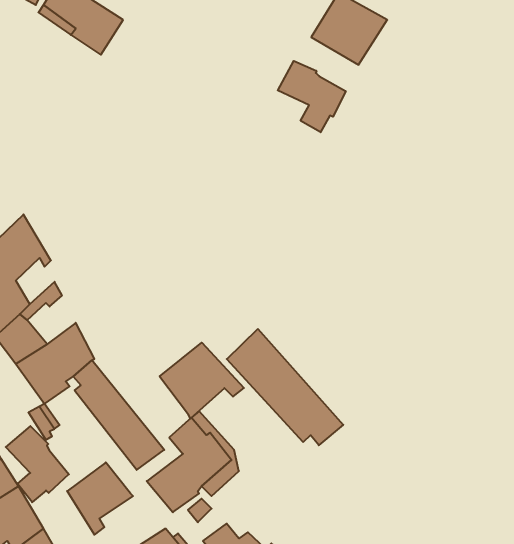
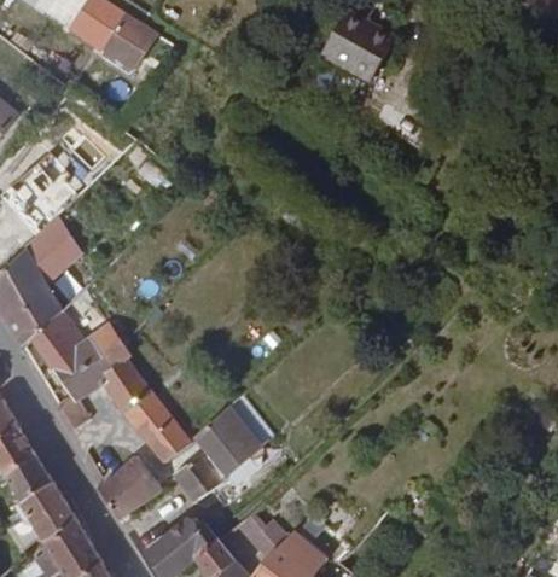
building: [278,61,346,132] -> none
building: [227,329,343,445] -> none
building: [160,343,244,419] -> none
building: [6,426,69,502] -> none

